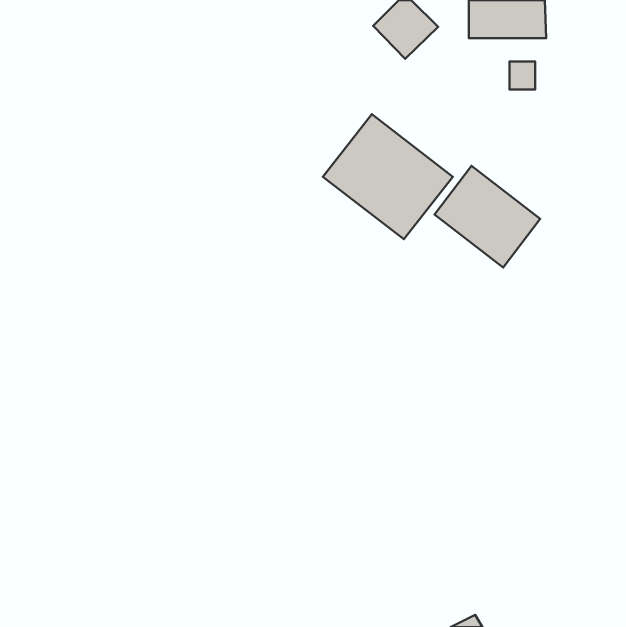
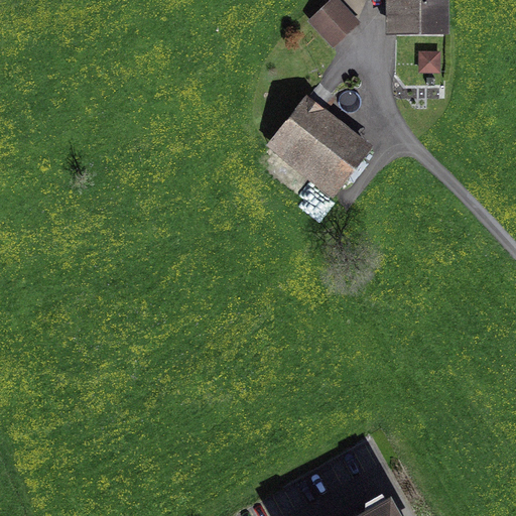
building: [435,166,540,267] -> none

